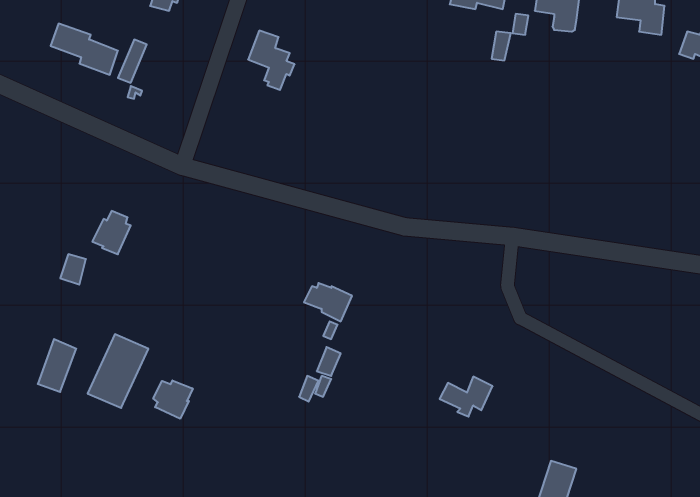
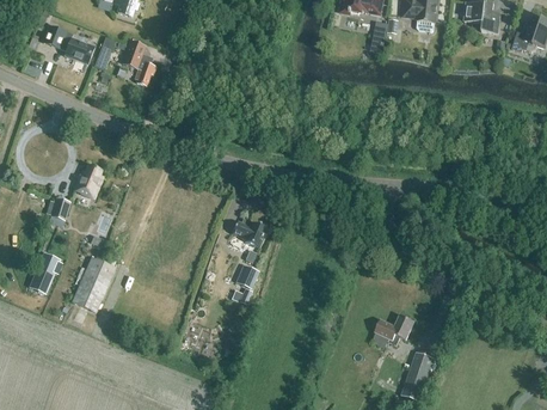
building: [248,31,295,90] -> [122,39,156,84]
building: [440,377,493,417] -> [375,313,414,343]
building: [153,380,193,419] -> none

